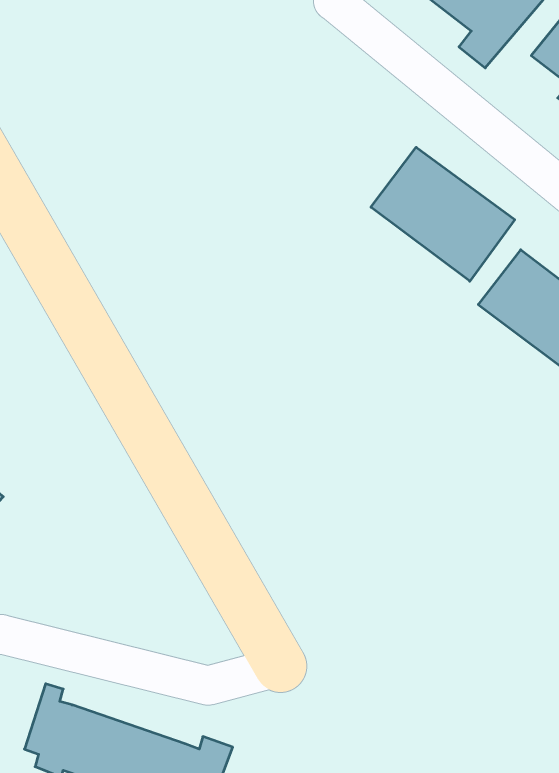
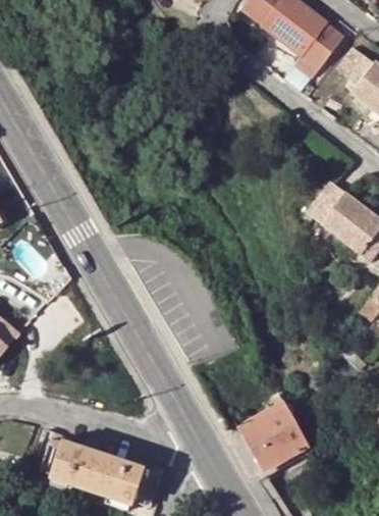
building: [371,147,515,281] -> none
building: none -> [237,401,309,472]

